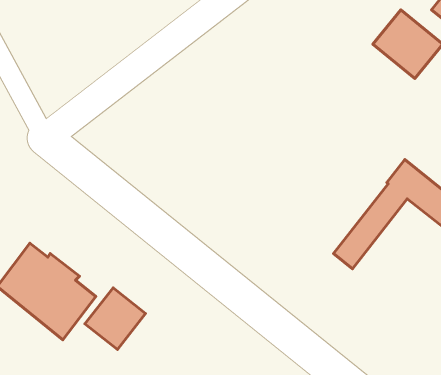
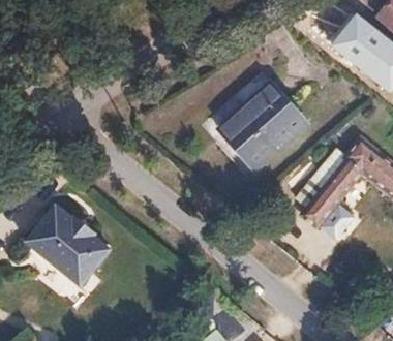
building: none -> [218,84,305,170]
building: [85,288,146,349] -> none

